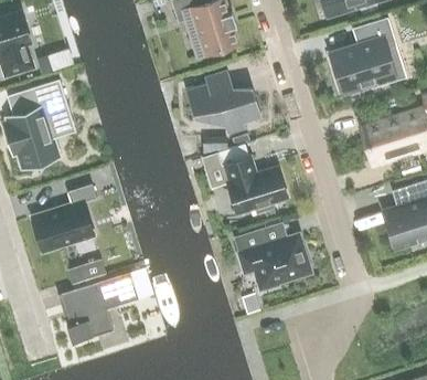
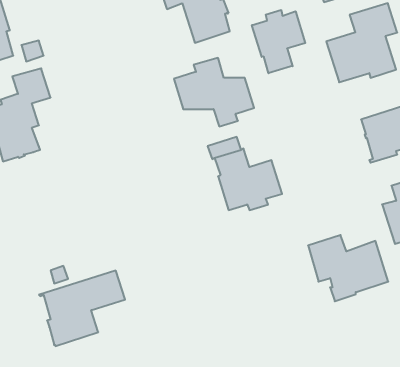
building: none -> [252,10,305,73]
building: [32,184,96,252] -> none
building: [234,229,310,292] -> [308,235,388,301]

